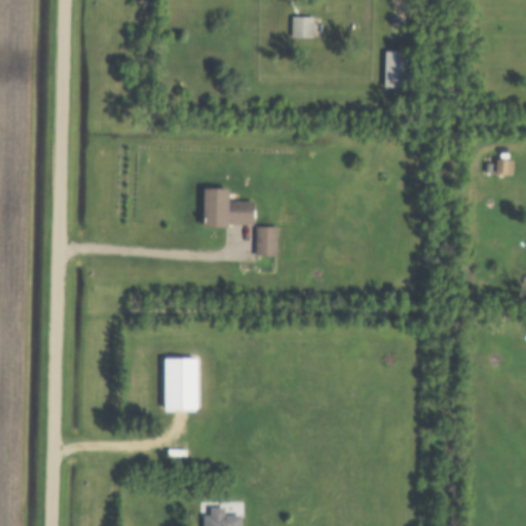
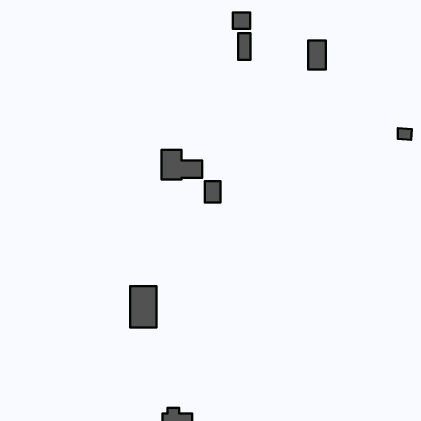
building: none -> [238,33,250,60]

